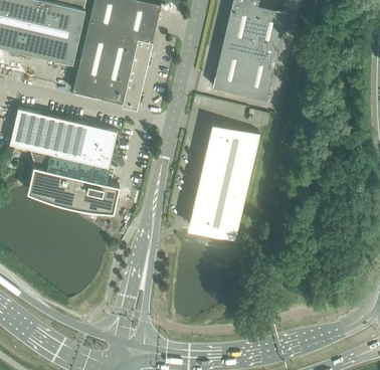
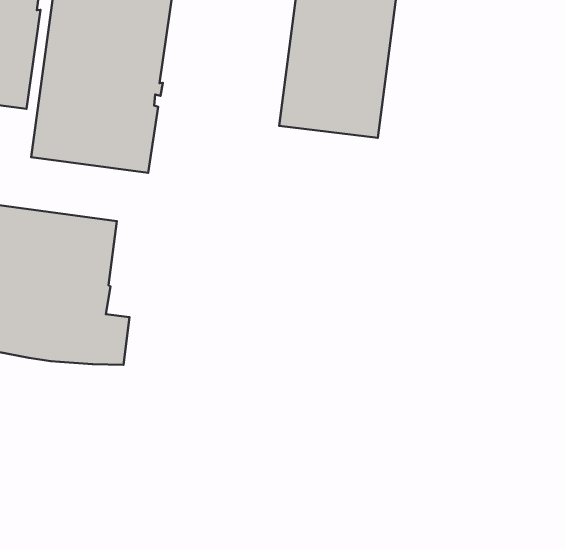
building: [192,126,258,241] -> none

